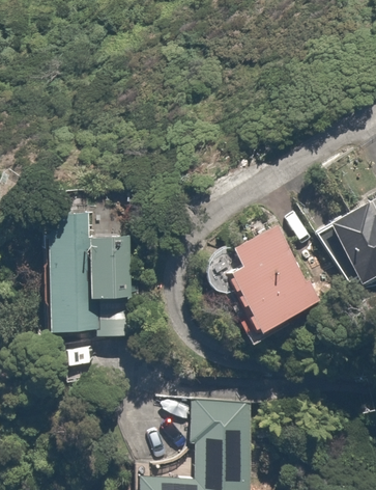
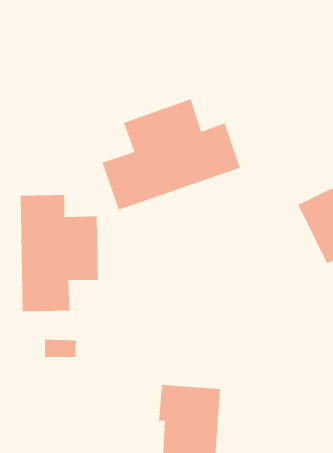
building: none -> [102,99,240,211]
building: [231,224,313,330] -> none

